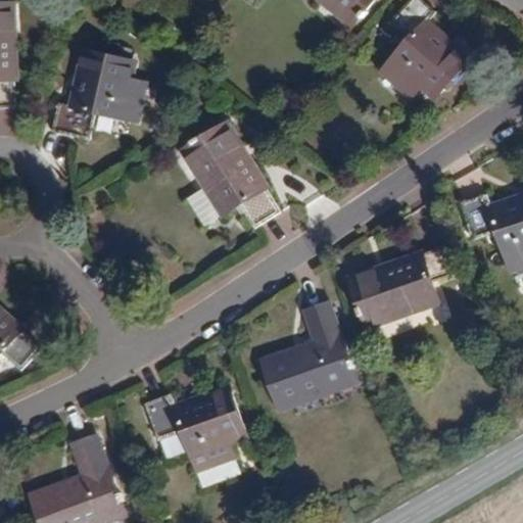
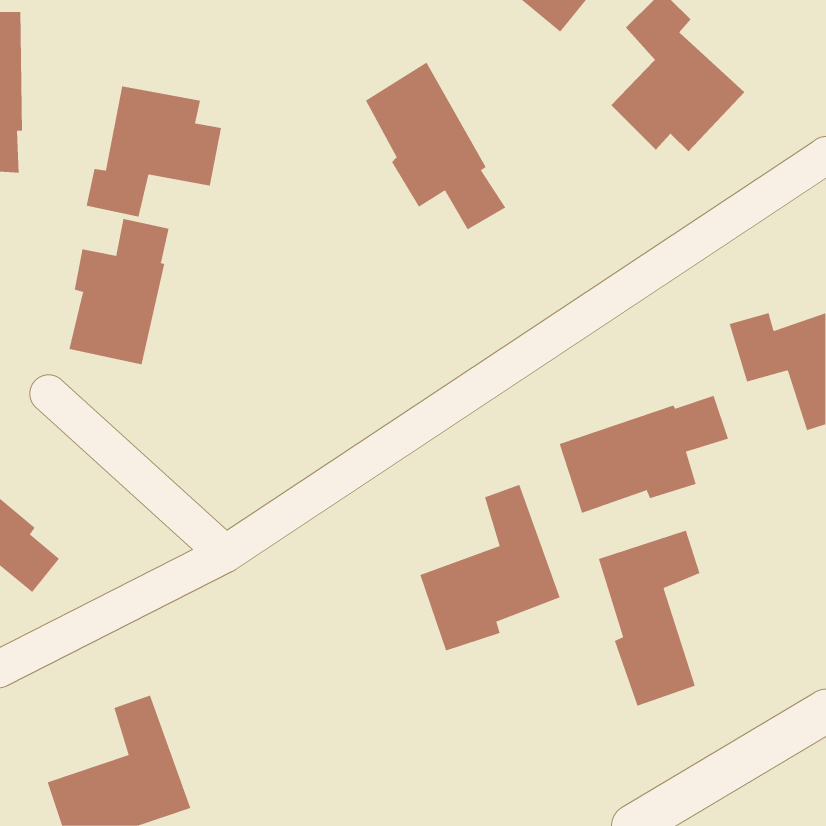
building: [187,116,276,223] -> [365,62,506,230]
building: none -> [69,218,169,365]
building: none -> [598,530,700,707]
building: [144,391,246,471] -> none

